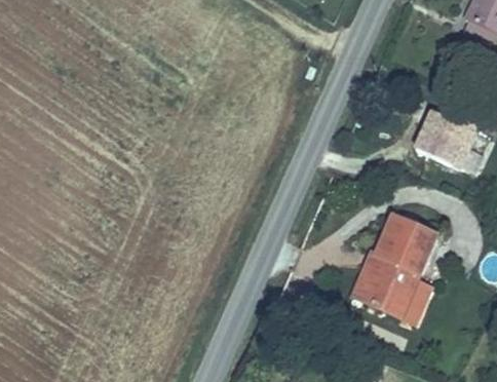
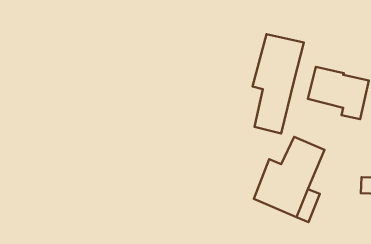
building: none -> [253,34,304,133]

